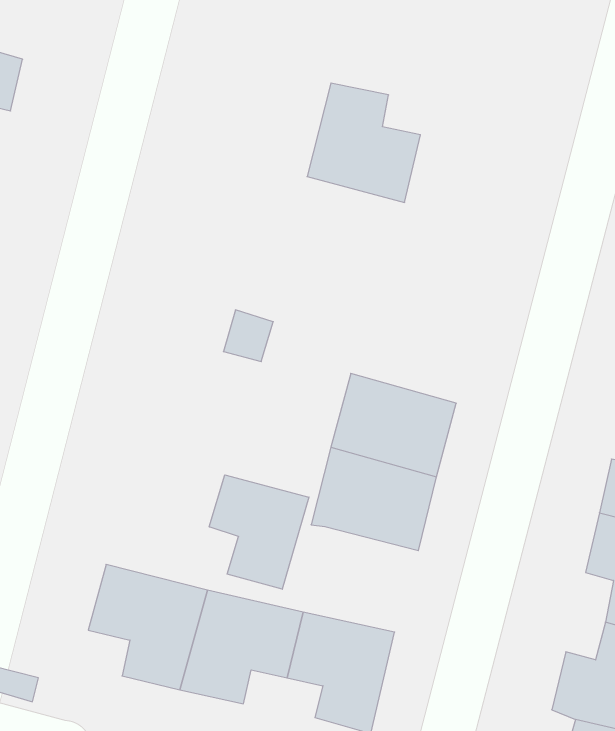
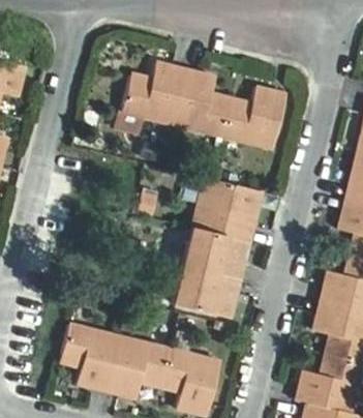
building: none -> [119,65,185,122]
building: none -> [223,89,283,147]
building: none -> [195,178,262,240]
building: [209,475,309,589] -> none

